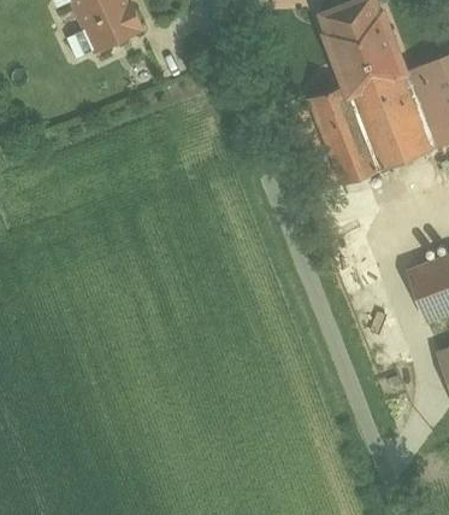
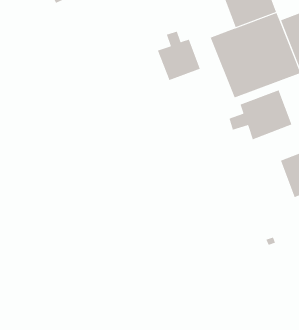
building: none -> [157,31,201,81]
building: none -> [229,89,292,140]

